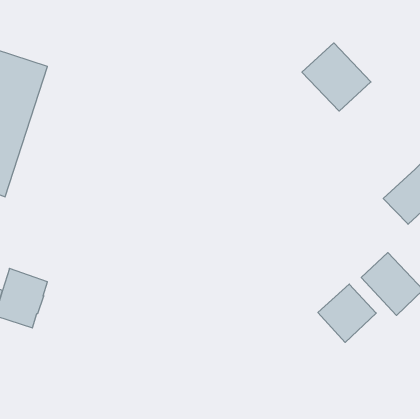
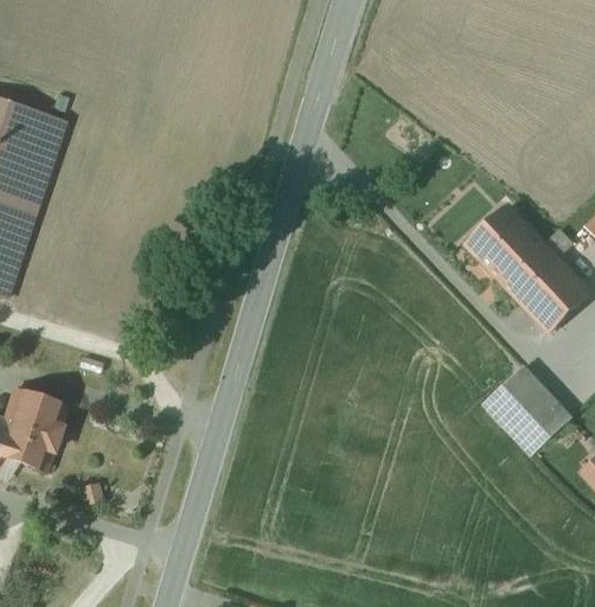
building: [302,43,371,111] -> [466,203,558,294]
building: [318,284,376,342] -> none

